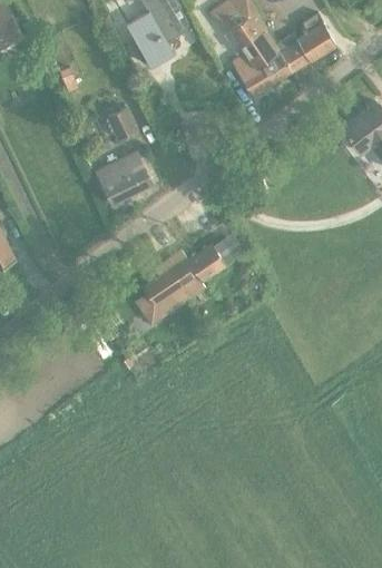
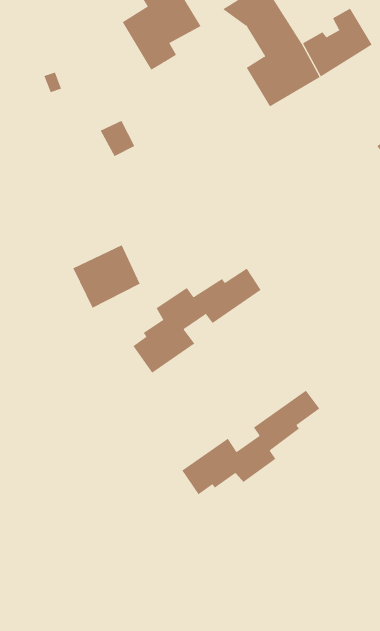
building: [94,151,151,206] -> [73,245,140,309]
building: none -> [182,390,320,495]

